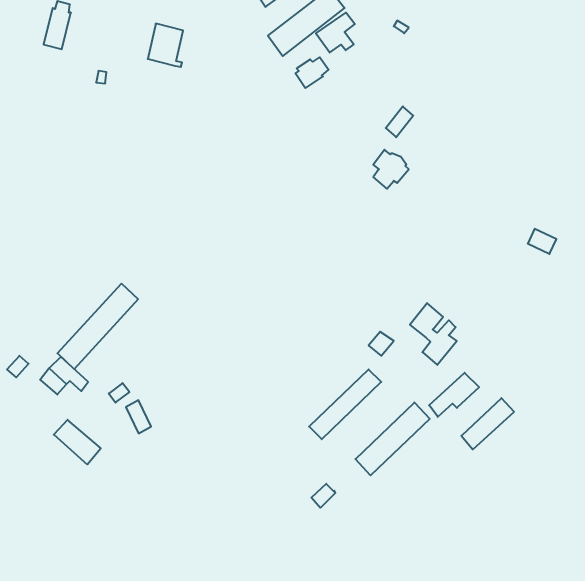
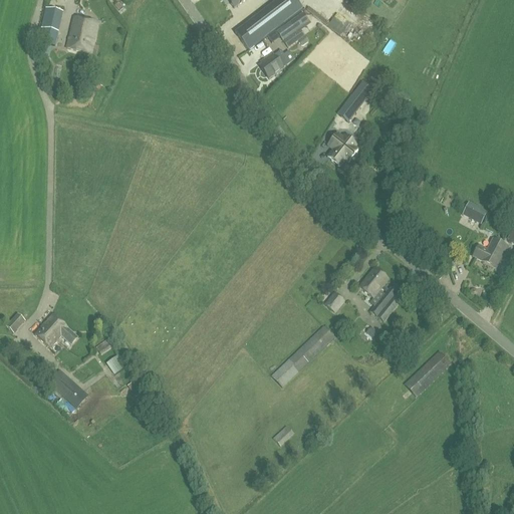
building: [148,24,183,67] -> [66,15,97,53]
building: none -> [472,237,507,267]
building: [57,284,138,369] -> none
building: [429,373,479,417] -> none
building: [355,402,430,475] -> none

